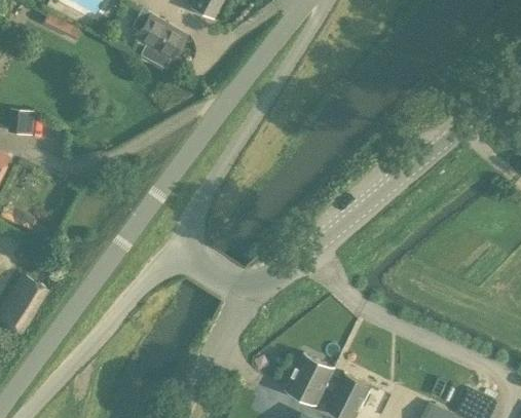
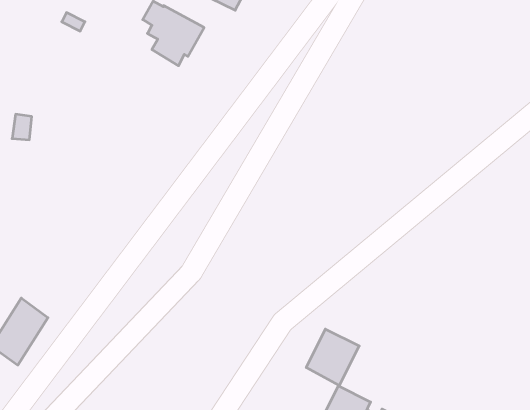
building: none -> [306,329,359,385]

